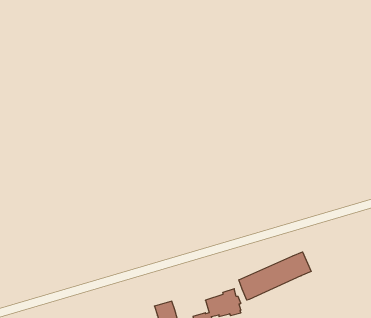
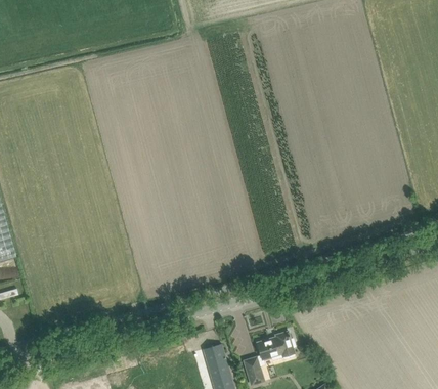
building: [239,252,311,300] -> none

